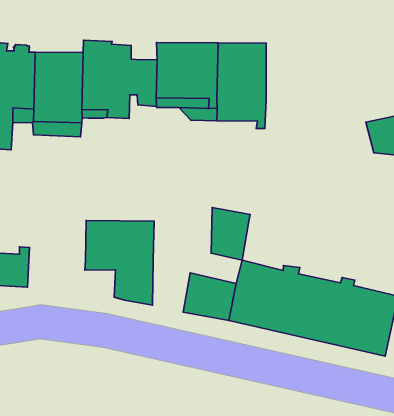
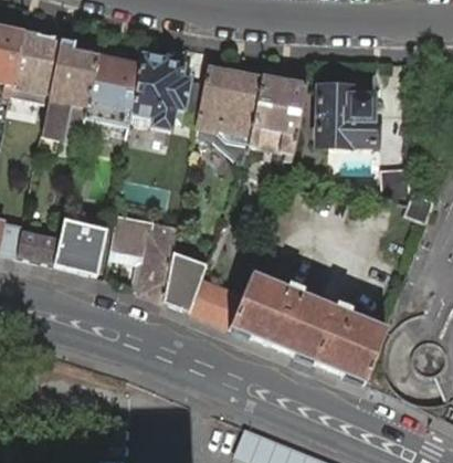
building: none -> [317,85,377,144]
building: [211,208,250,260] -> [164,259,204,311]
building: none -> [54,220,106,273]

